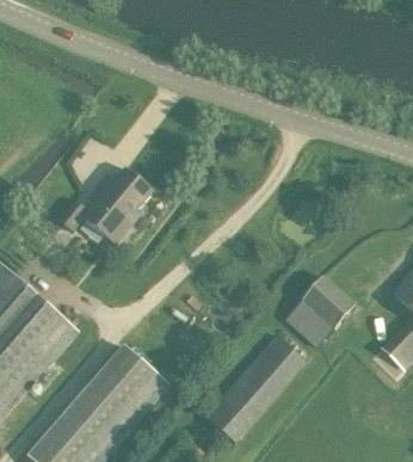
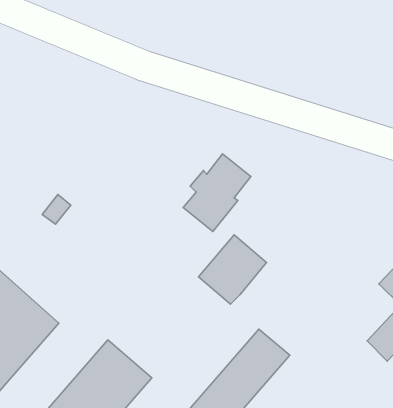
building: [85,166,153,244] -> [183,154,251,231]
building: [285,276,353,345] -> [199,235,266,304]

